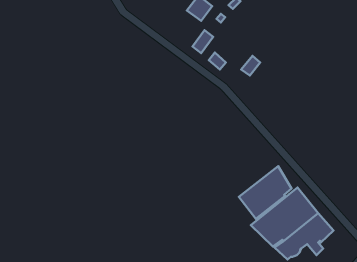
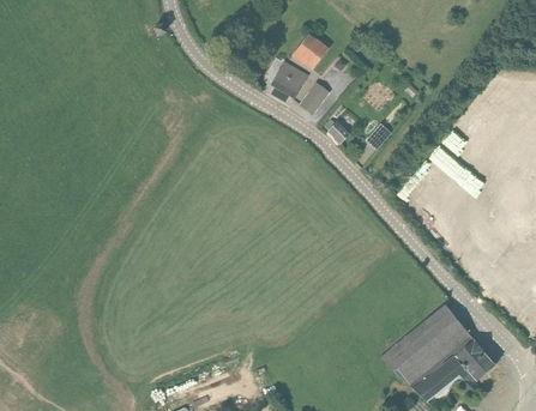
building: none -> [266,62,307,104]
building: [239,166,291,219] -> none

